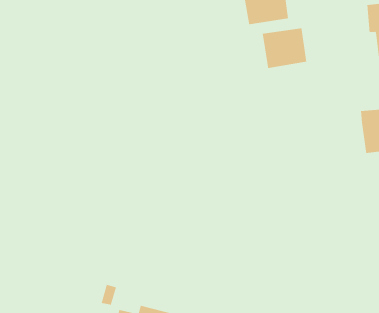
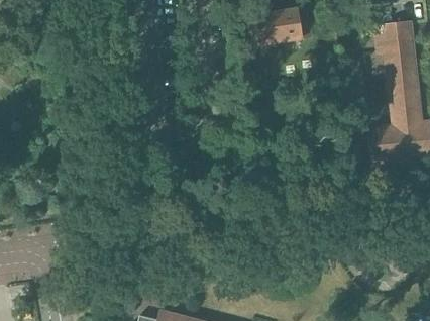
building: [262,27,307,69] -> none

